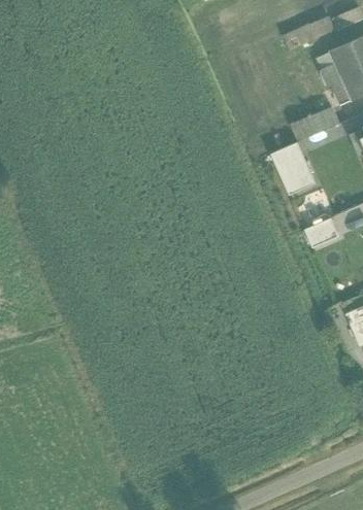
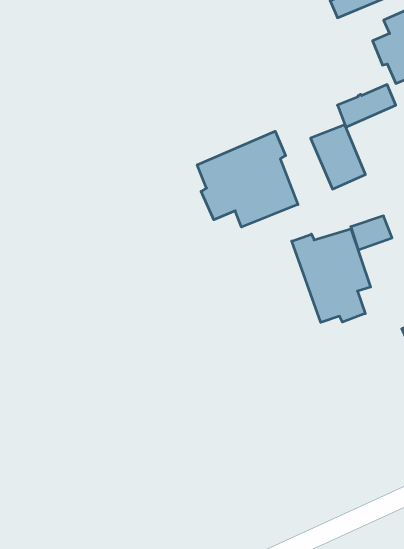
building: none -> [197,131,298,227]
building: none -> [292,229,371,322]

